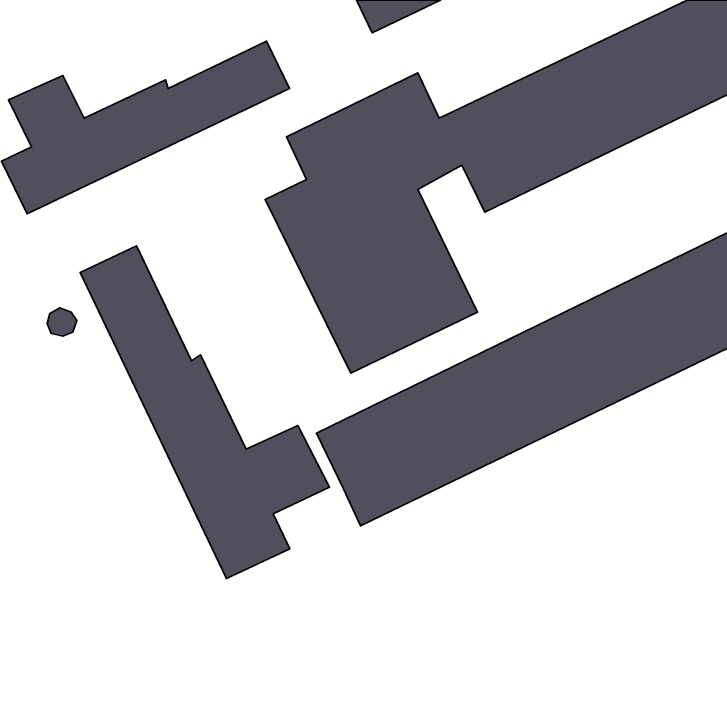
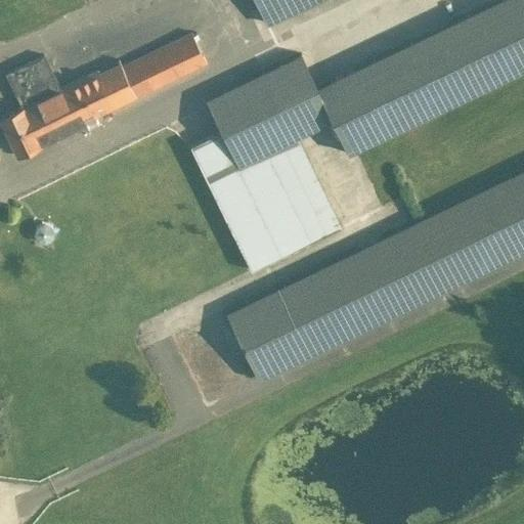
building: [80,246,329,578] -> none

